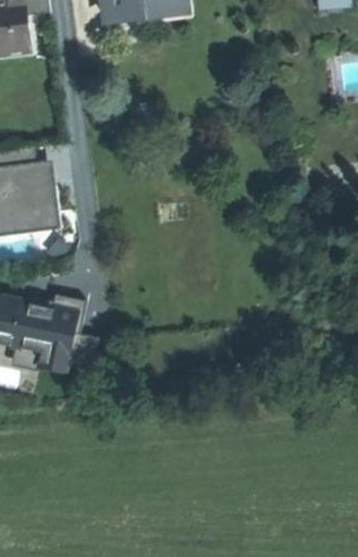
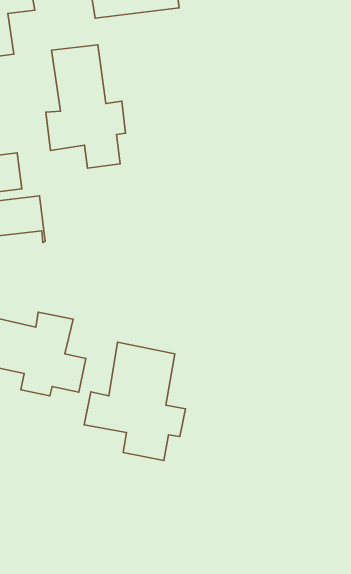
building: none -> [46,45,125,168]
building: none -> [84,342,185,460]

